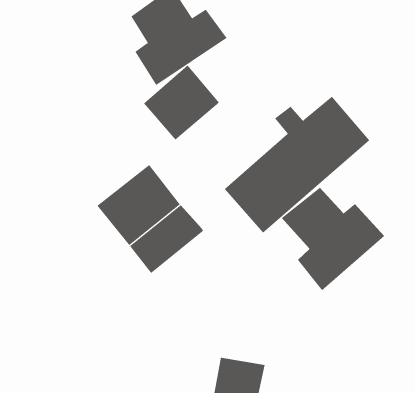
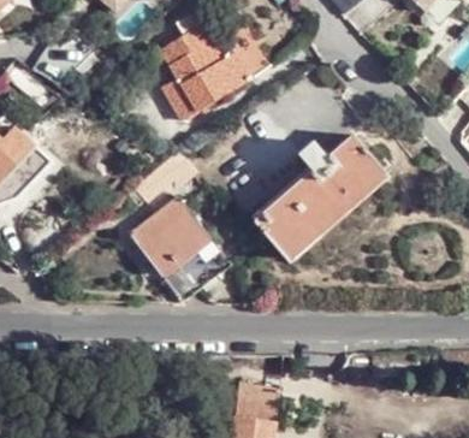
building: [143,65,220,141] -> none
building: [281,187,385,291] -> none

